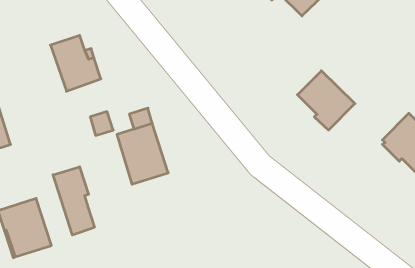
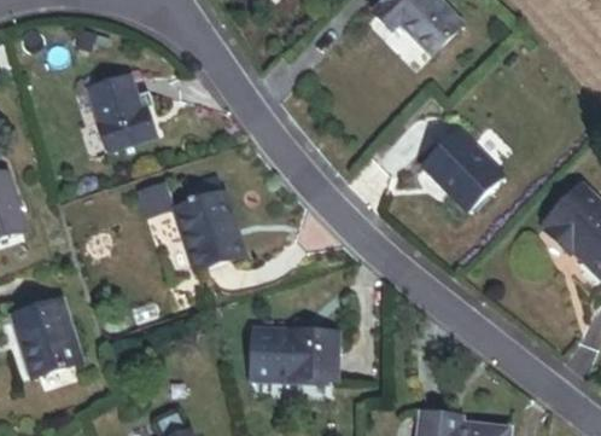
building: [53,167,94,235] -> none
building: none -> [250,332,337,384]

